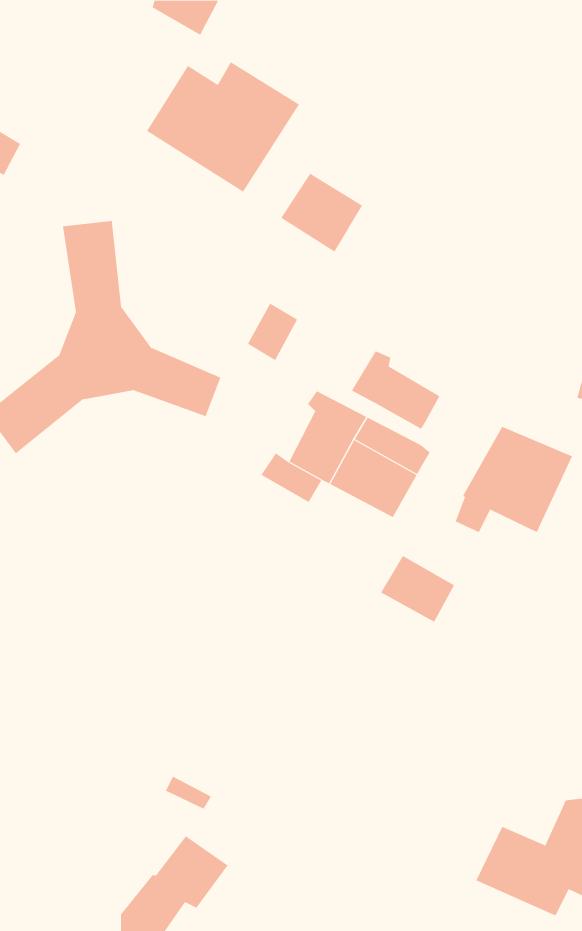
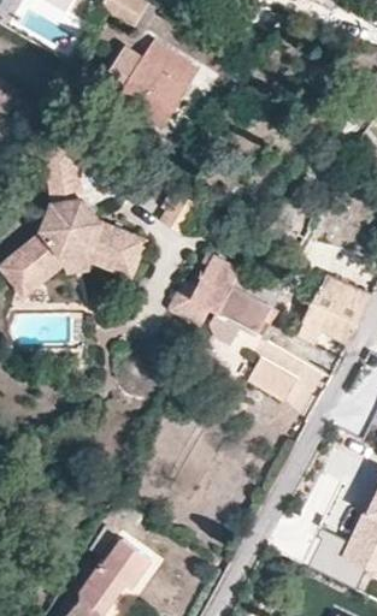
building: [280,173,363,252] -> none
building: [351,350,440,430] -> none
building: none -> [11,251,134,301]

